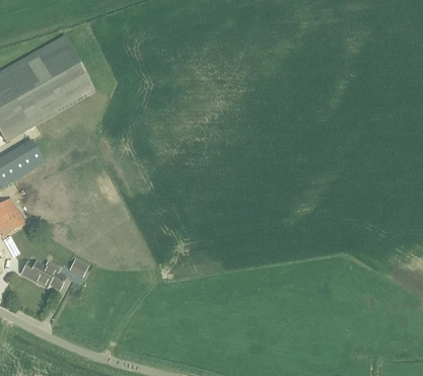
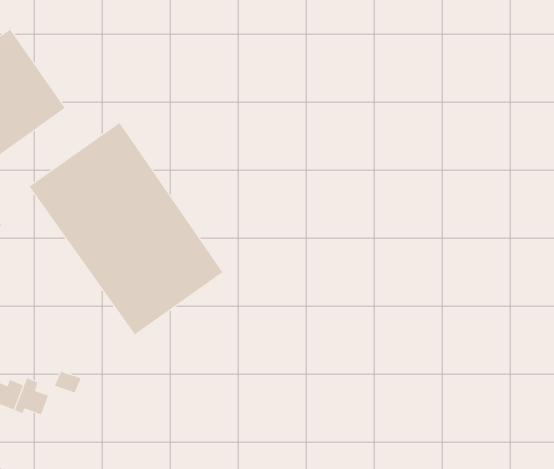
building: none -> [29,122,223,335]

